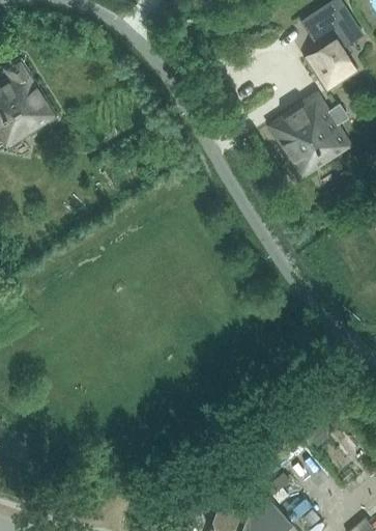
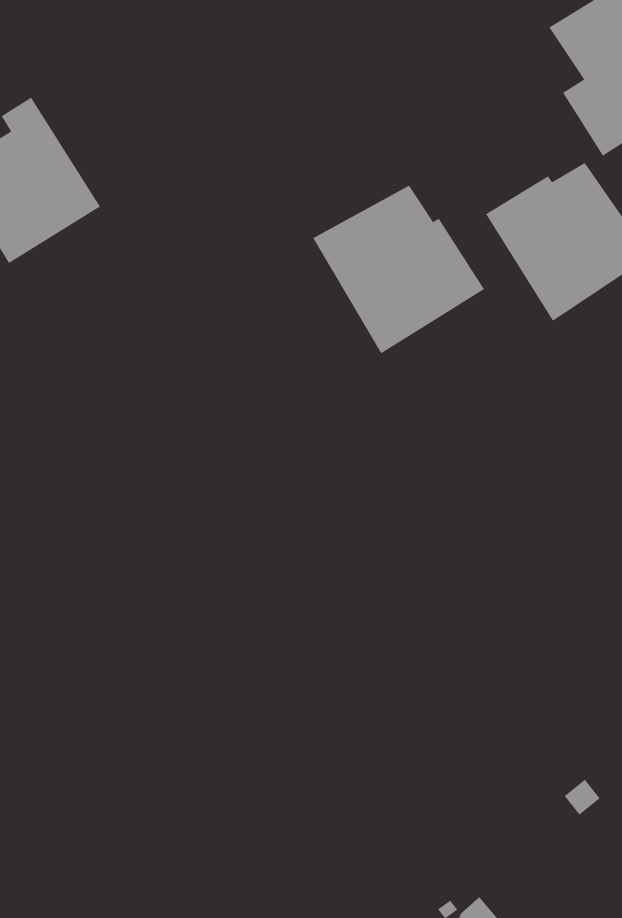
building: none -> [313,185,485,354]

